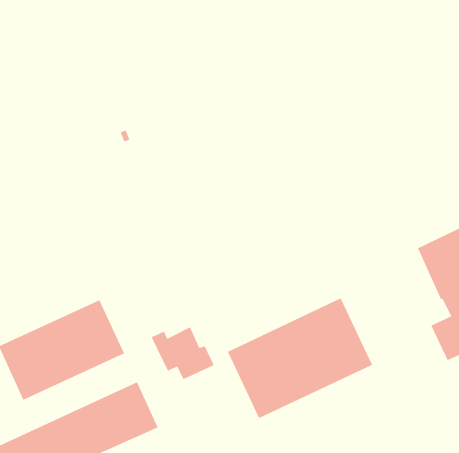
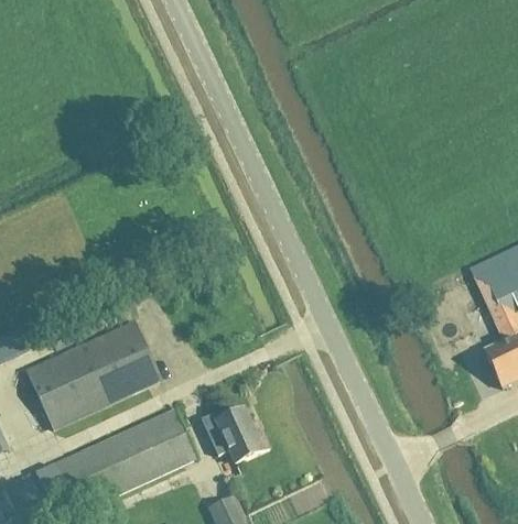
building: [227,298,373,419] -> none
building: [151,327,214,380] -> [202,407,269,463]

